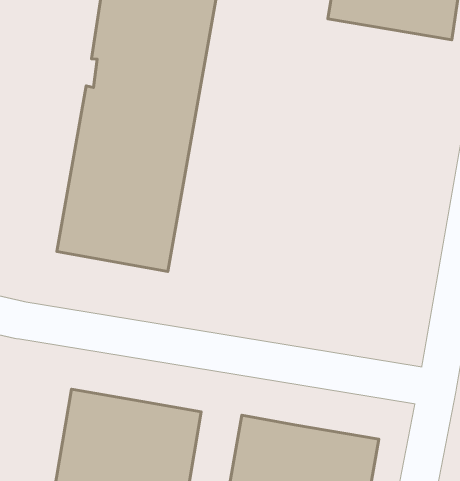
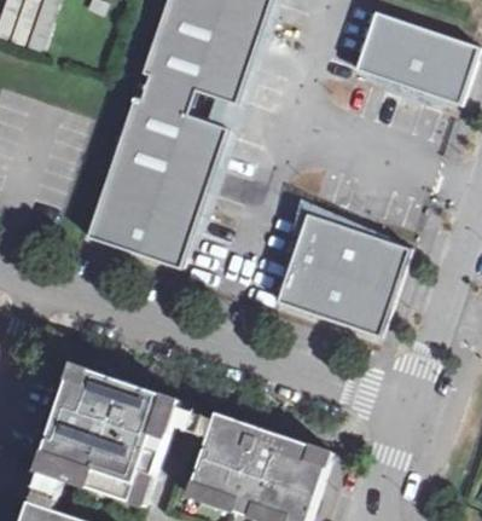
building: none -> [272,215,406,338]

